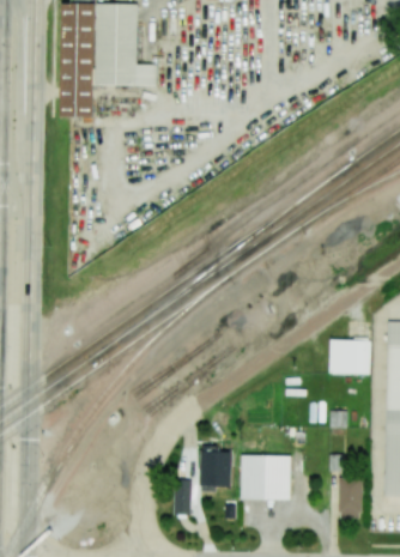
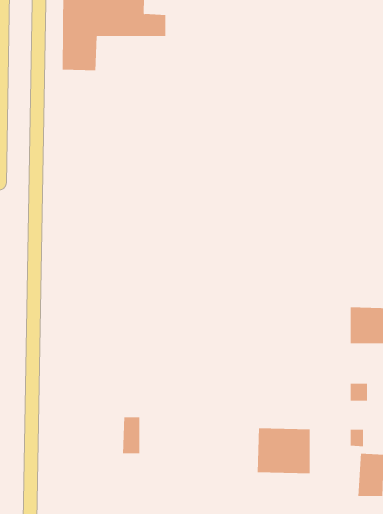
building: [200,449,222,484] -> none
building: [174,480,190,515] -> [122,417,140,454]

